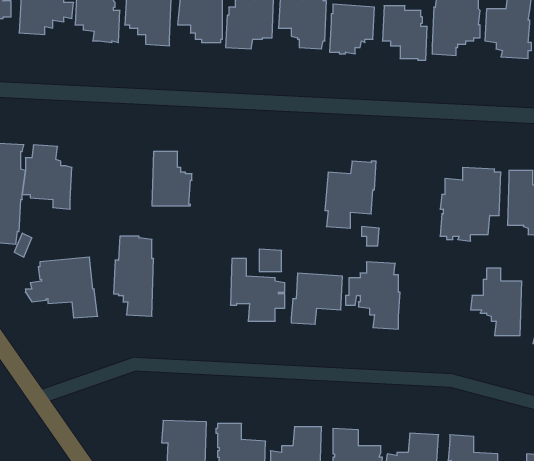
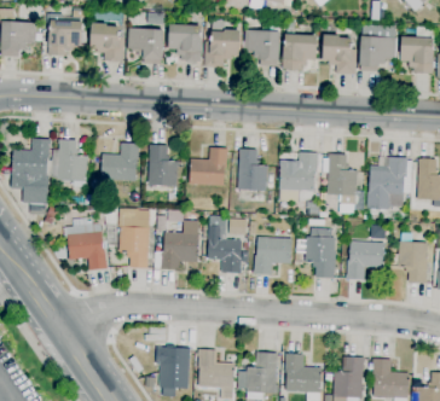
building: none -> [102,143,139,181]
building: none -> [190,146,228,186]
building: none -> [238,149,268,190]
building: none -> [328,152,358,204]
building: none -> [155,209,199,269]
building: none -> [346,240,386,279]

